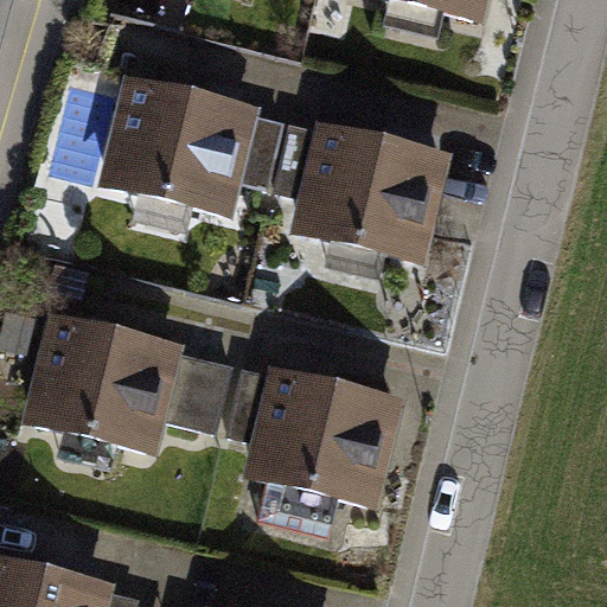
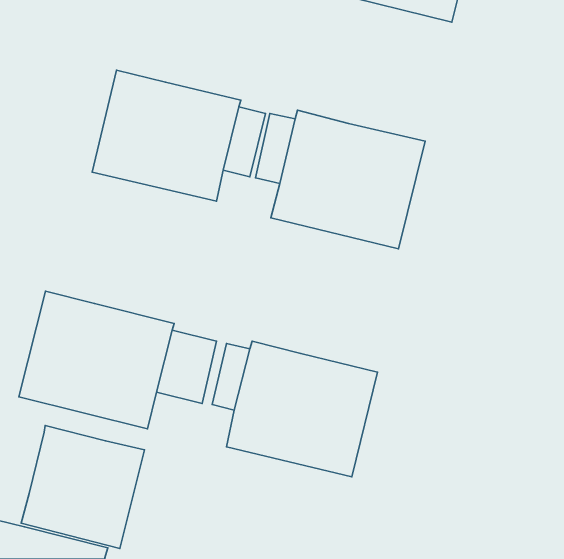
building: none -> [21,425,145,549]

